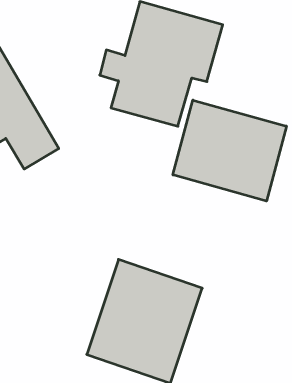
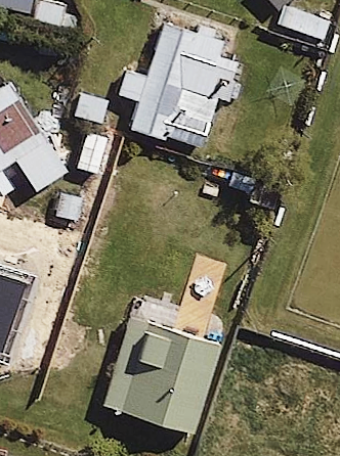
building: [173,100,286,201] -> none

